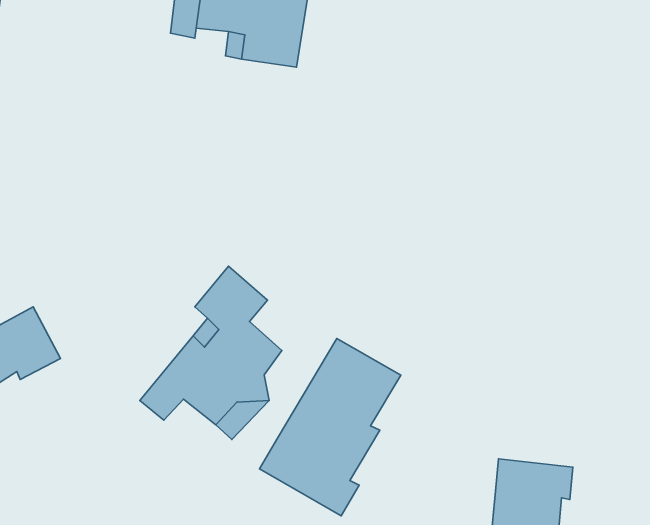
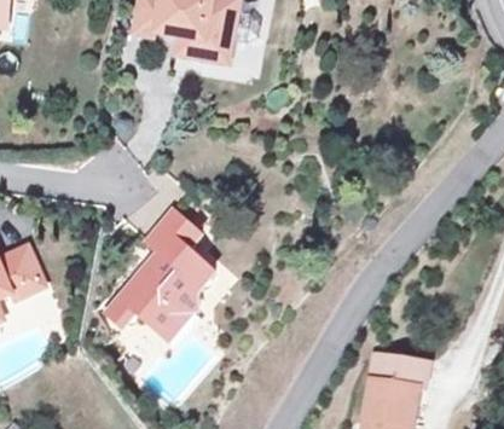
building: [259,339,401,516] -> none

